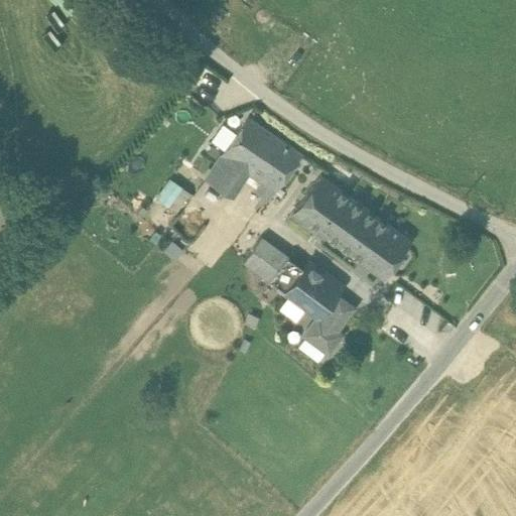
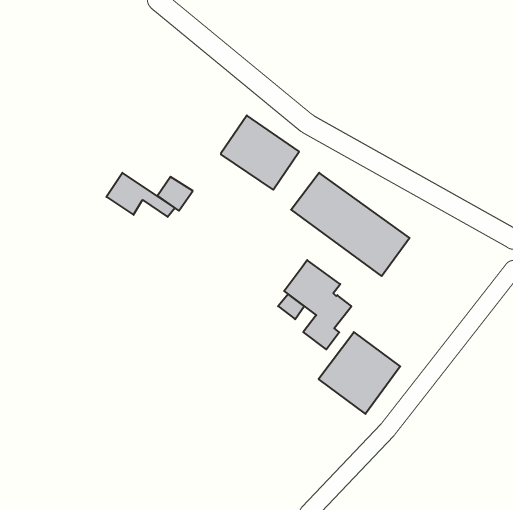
building: [206,158,274,203] -> [106,173,175,217]
building: [244,240,303,295] -> none
building: none -> [319,332,400,414]

